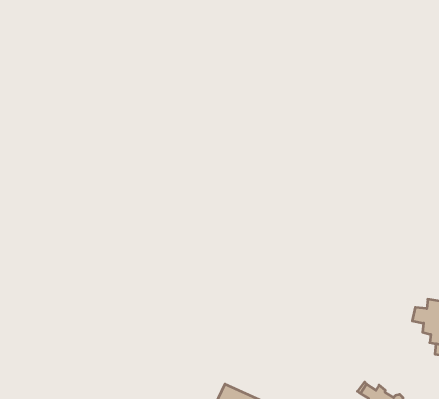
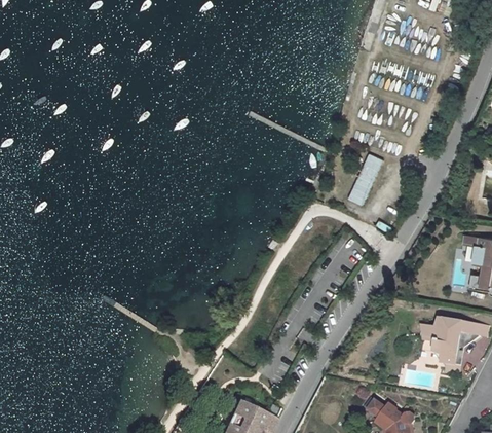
building: none -> [347,152,381,205]

